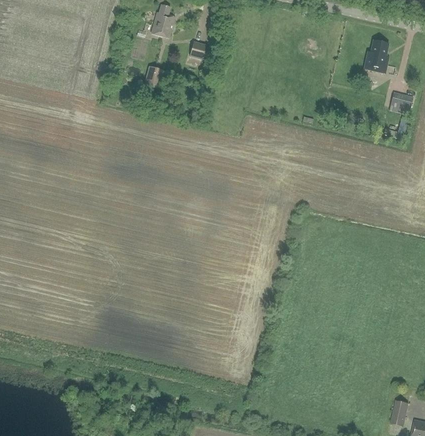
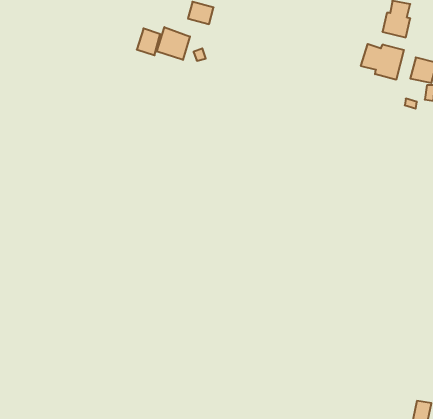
building: none -> [157,27,190,60]
building: none -> [361,44,404,80]

